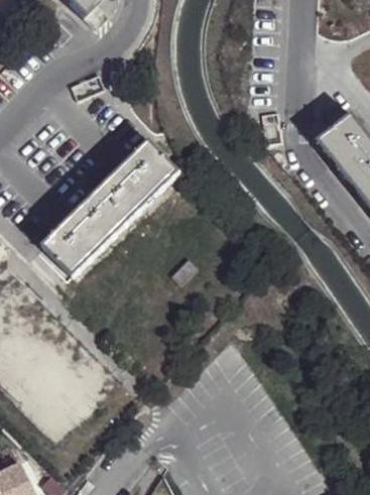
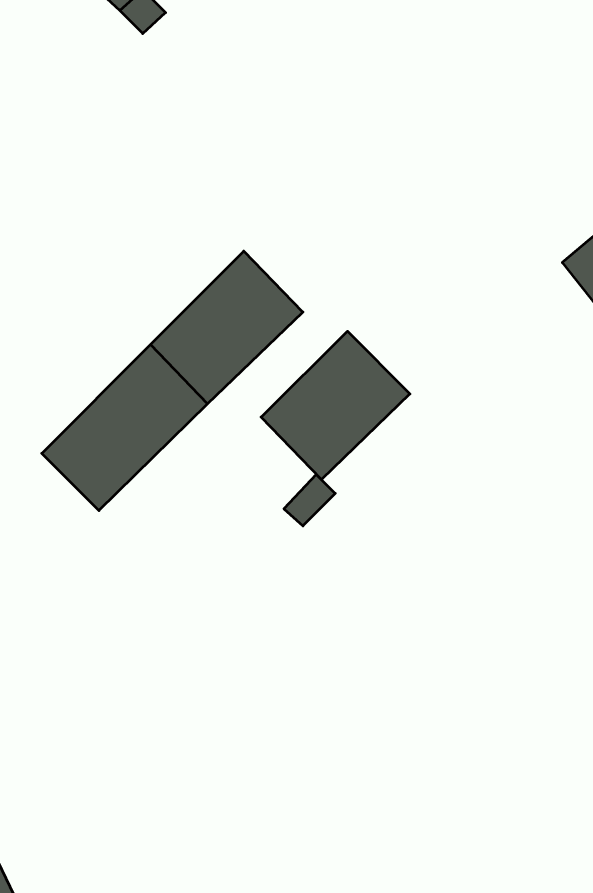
building: none -> [261,331,410,480]

